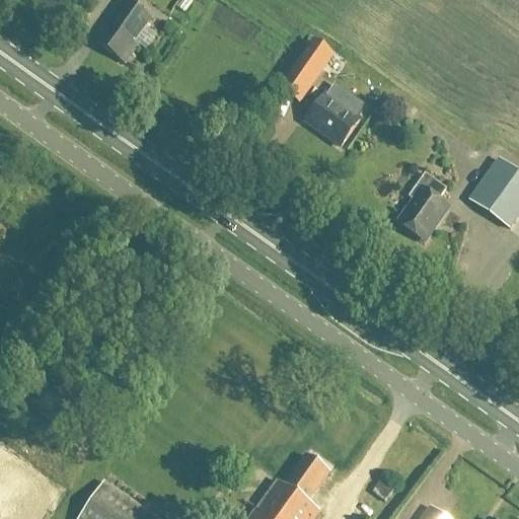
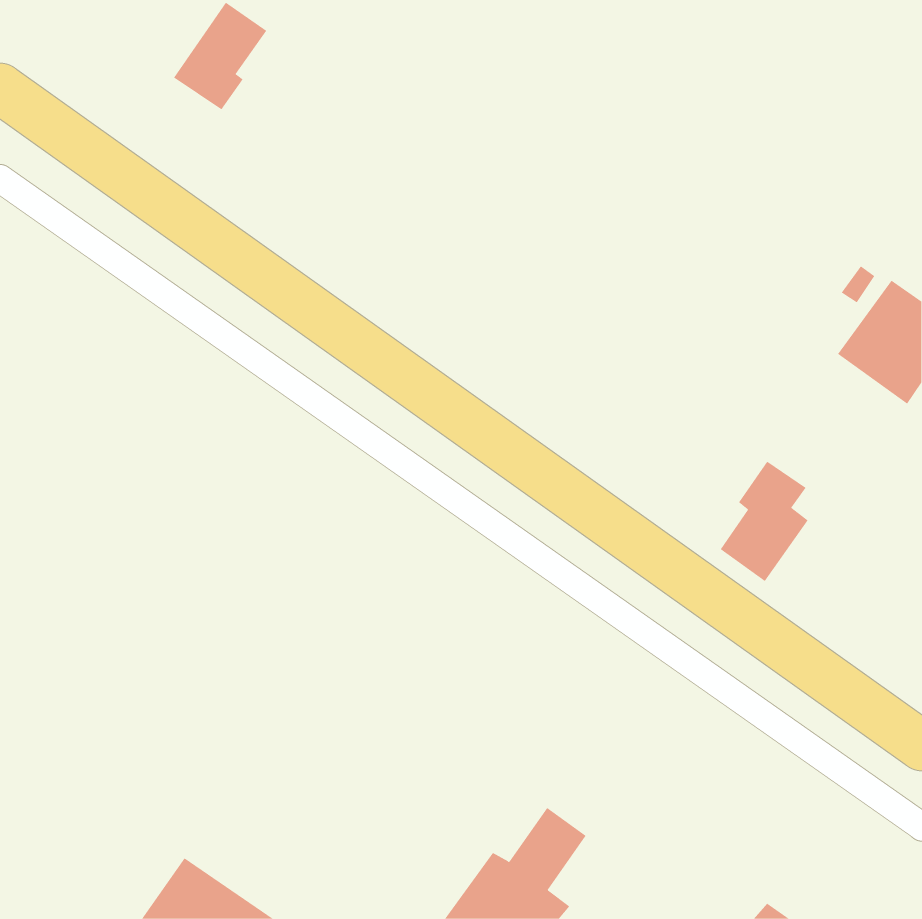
building: [282,43,331,100] -> none
building: [305,87,360,146] -> none
building: [398,173,448,241] -> [720,461,808,582]

